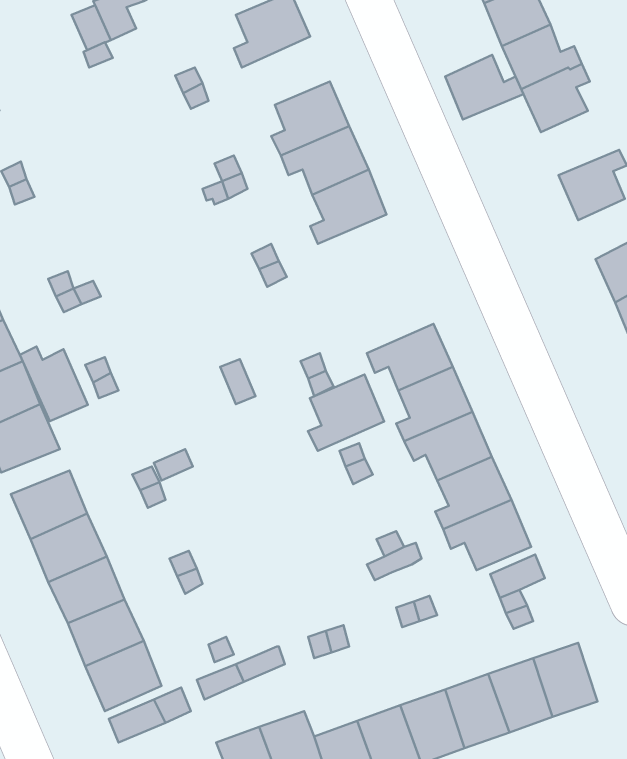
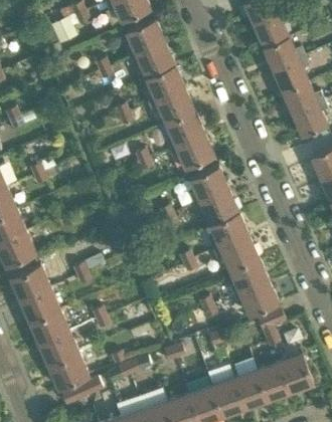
building: none -> [129,42,174,77]
building: [445,55,523,119] -> [283,80,323,114]
building: none -> [168,134,214,170]
building: [20,347,88,421] -> none
building: [308,375,384,451] -> [188,166,227,205]

